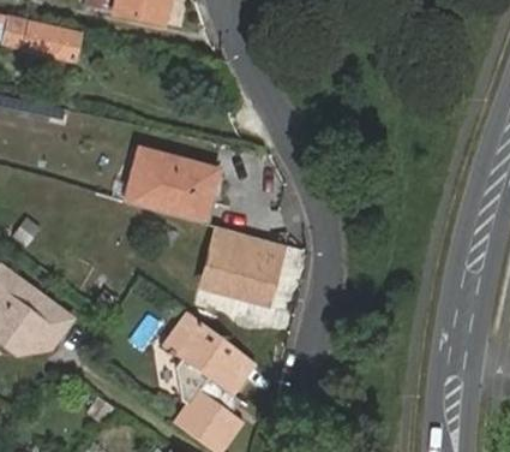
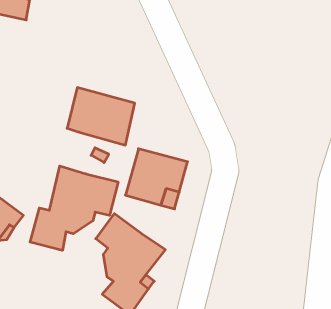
building: none -> [30,166,118,250]

